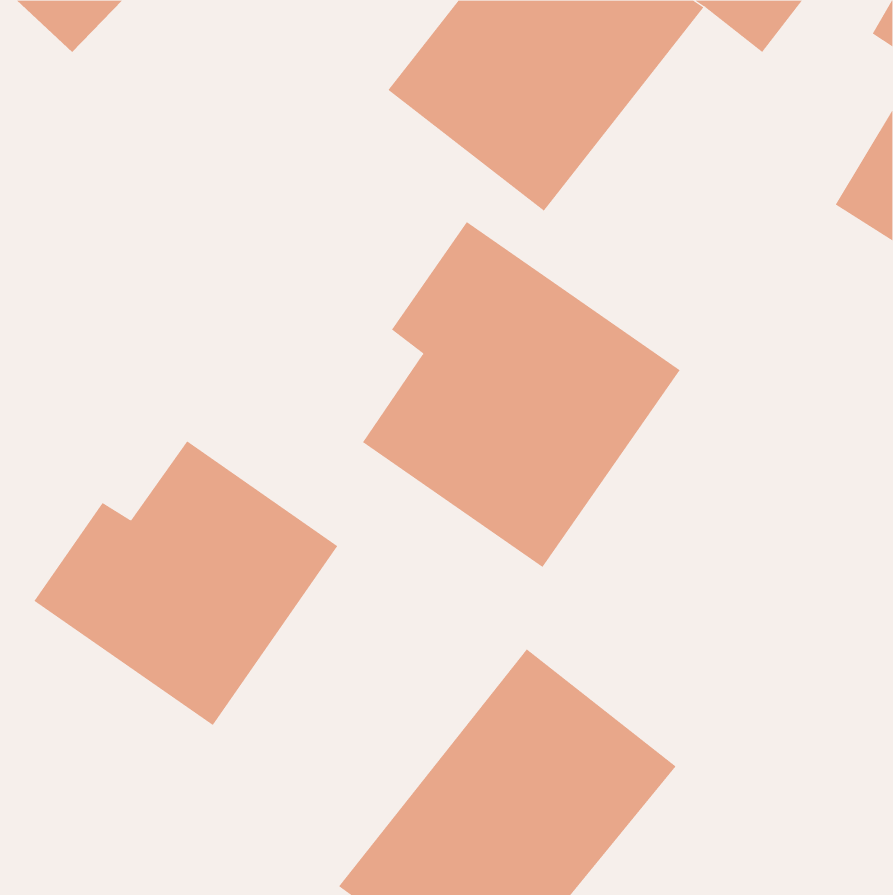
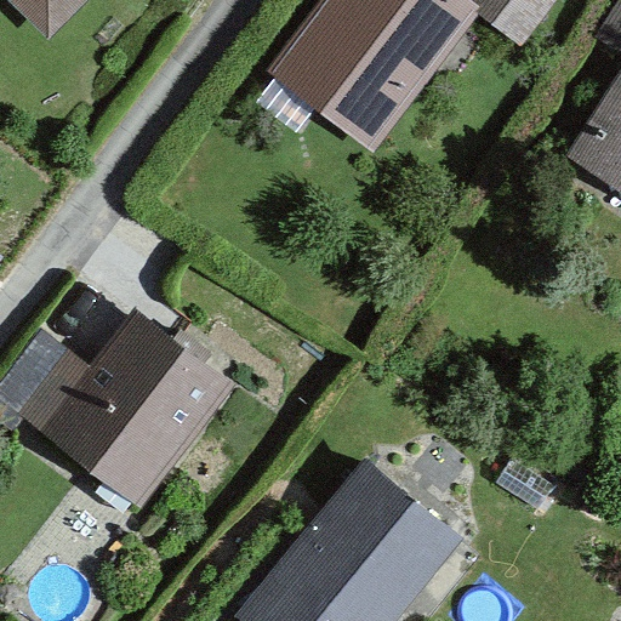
building: [362,221,681,568] -> none

